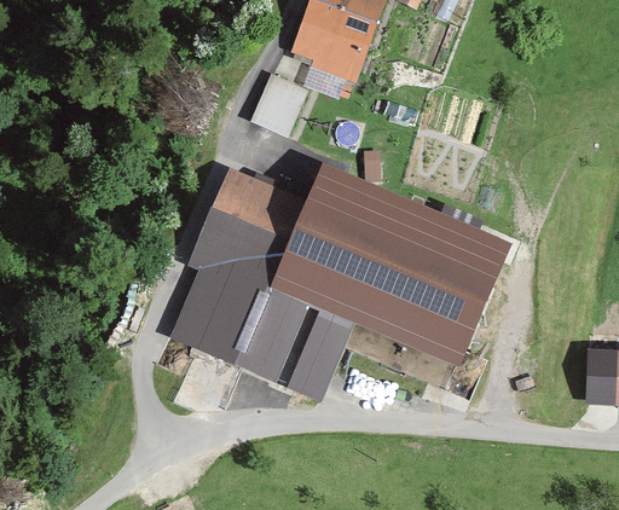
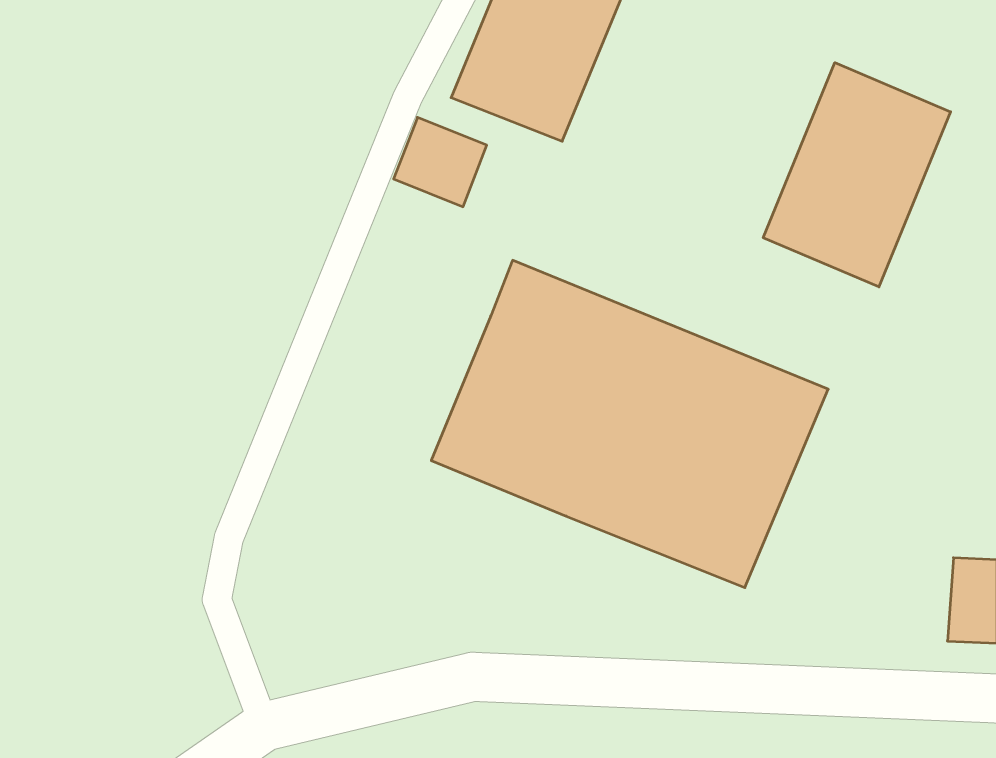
building: none -> [763,63,951,287]
building: [170,168,352,398] -> none

